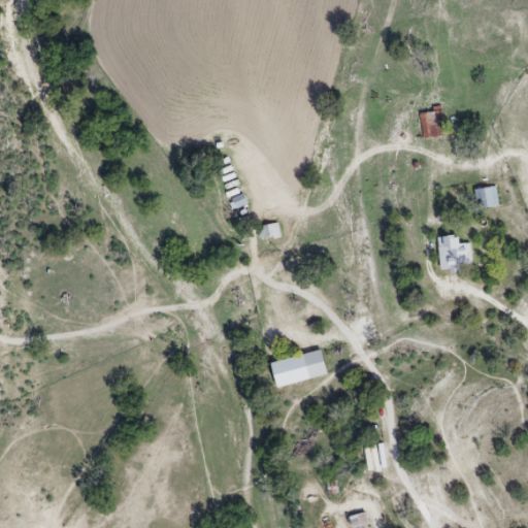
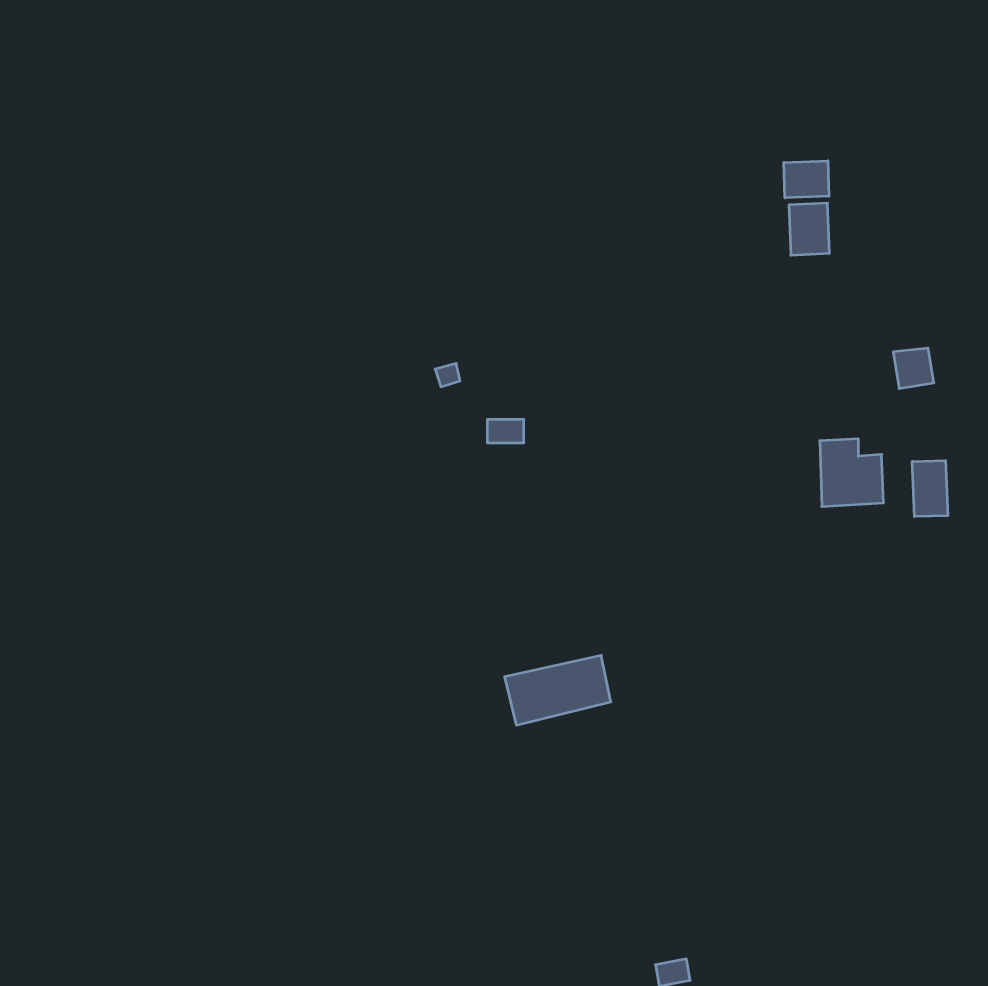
building: none -> [784,161,829,198]
building: none -> [912,461,948,517]

